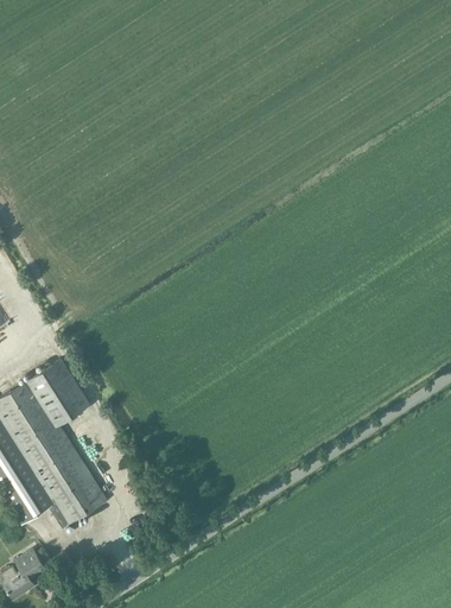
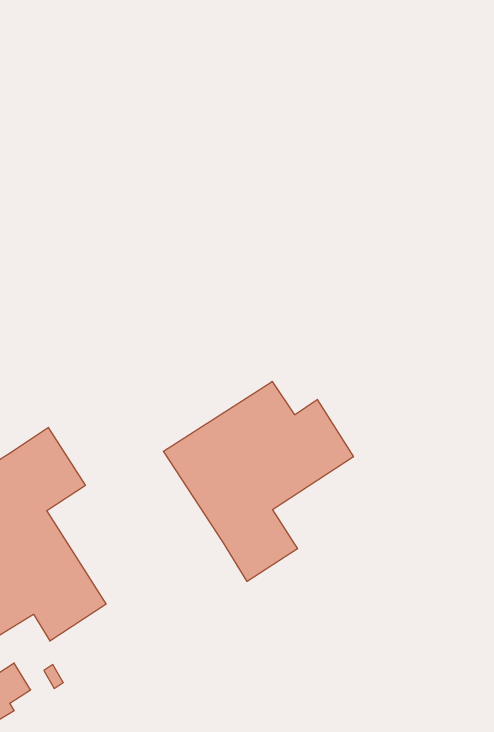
building: none -> [163,381,353,581]

